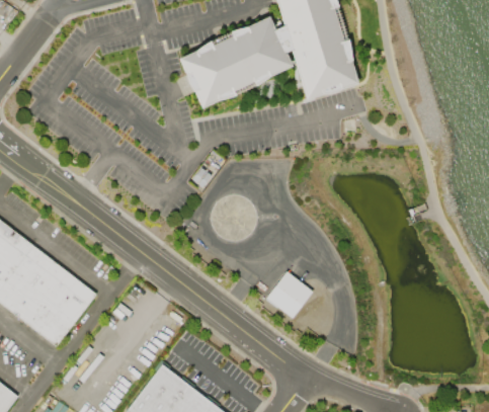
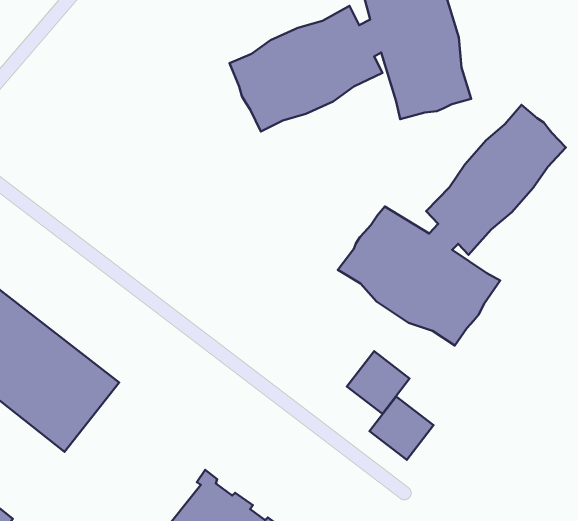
building: none -> [338,105,566,346]
building: none -> [370,397,434,460]

